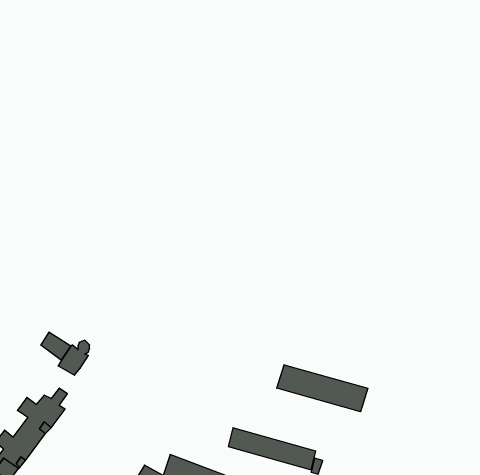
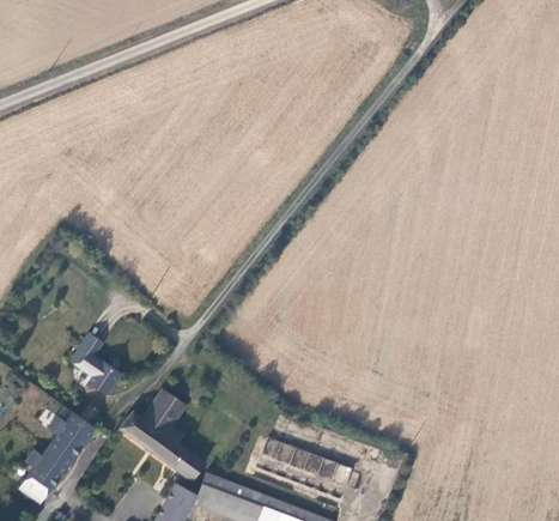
building: [277,365,368,412] -> none
building: none -> [121,390,205,480]

